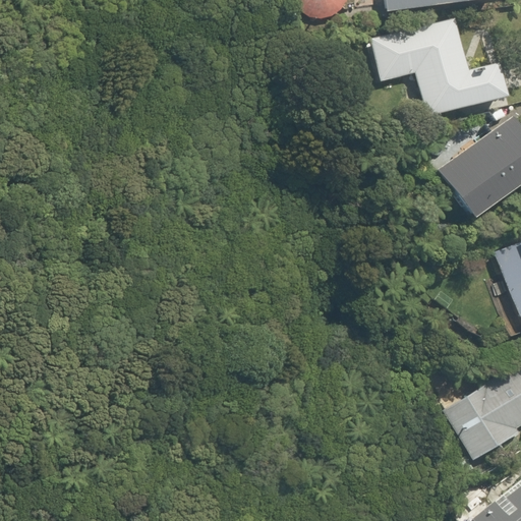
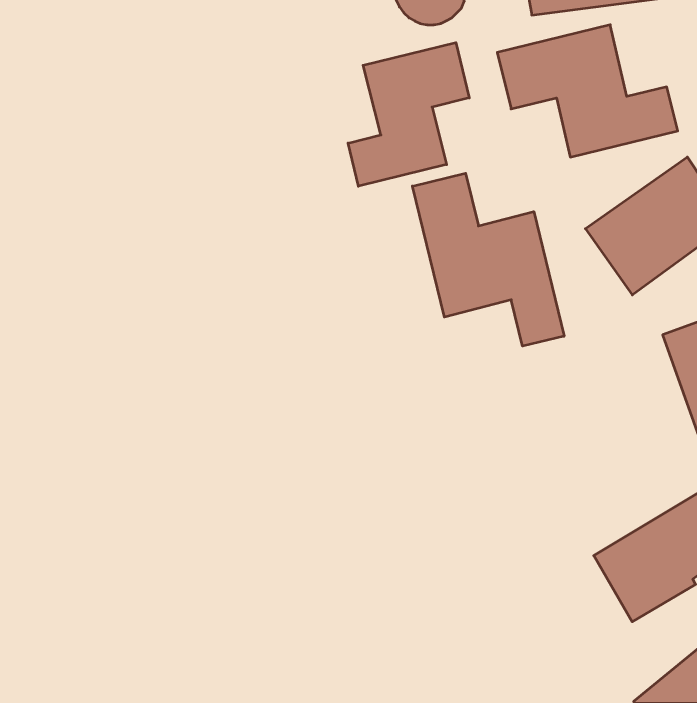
building: none -> [348,43,469,186]
building: none -> [412,173,564,346]

